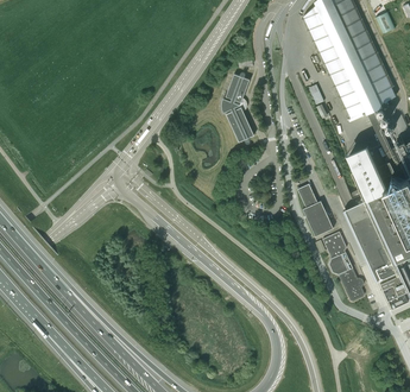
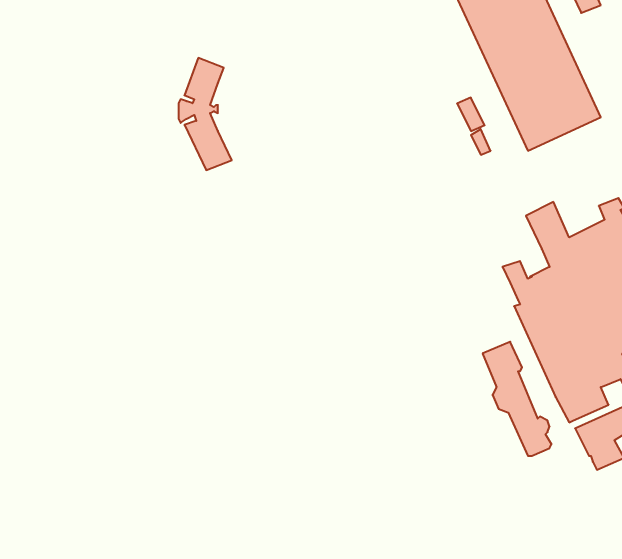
building: [222,75,254,143] -> [179,58,232,170]
building: [298,185,333,238] -> none

